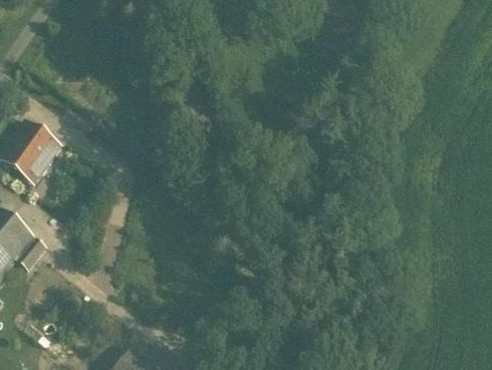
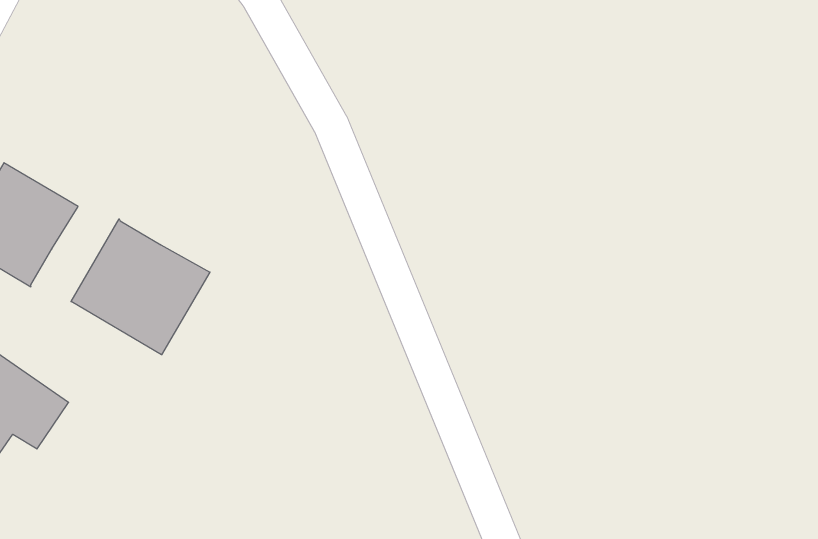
building: none -> [71,219,210,355]

